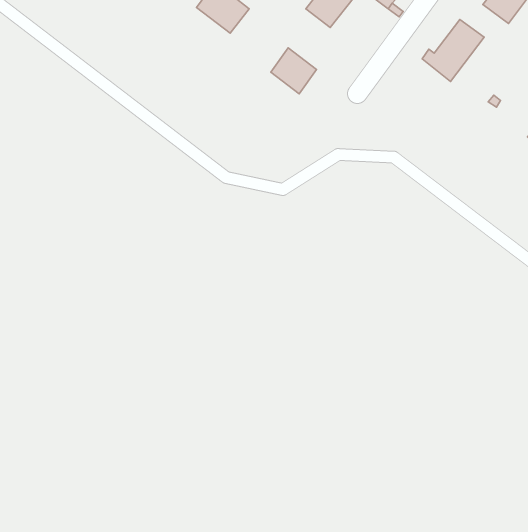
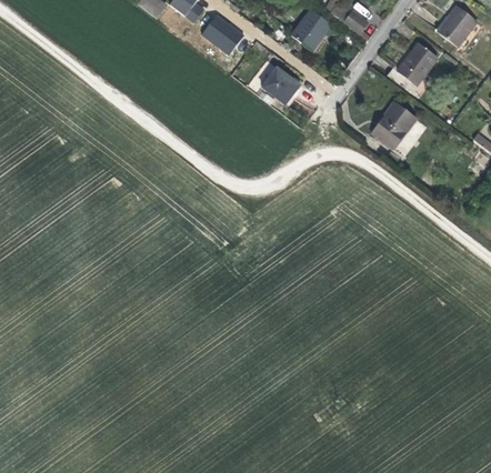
building: none -> [371,102,417,149]

